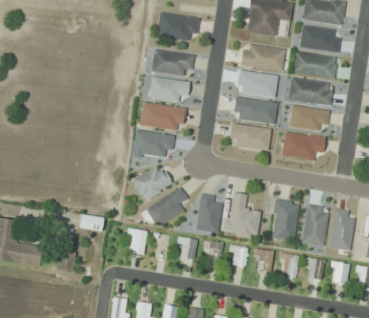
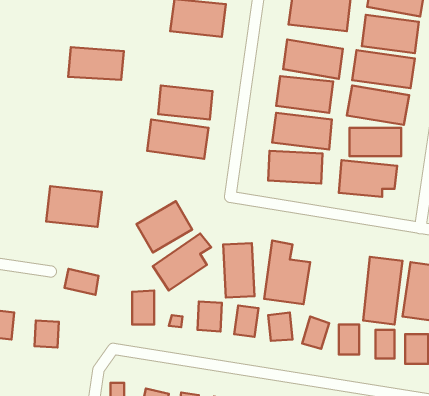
building: [152,51,194,75] -> [68,47,124,80]
building: [133,130,174,161] -> [46,186,102,227]
building: [271,199,299,241] -> none

